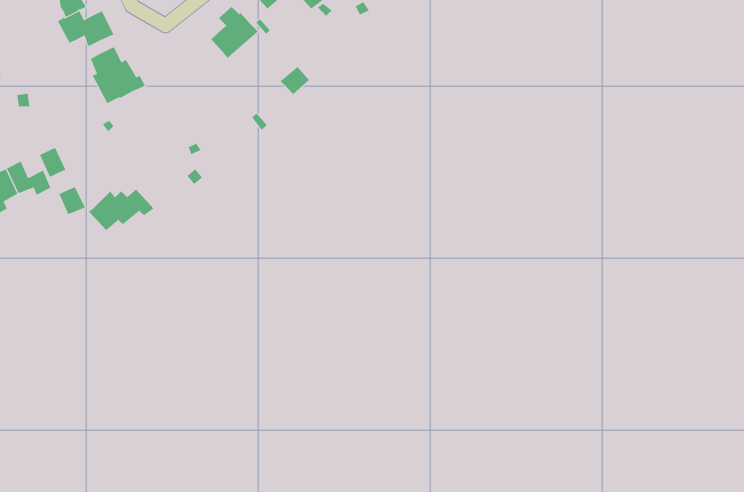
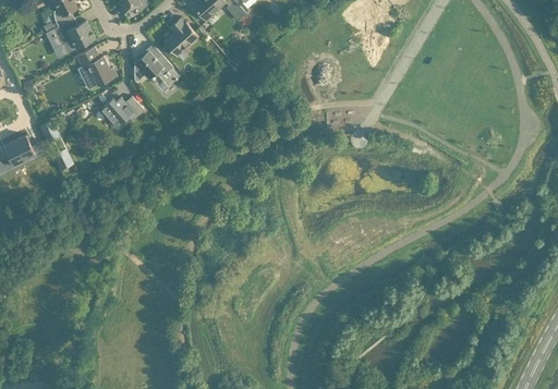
building: none -> [134,44,172,82]
building: [88,189,154,231] -> [96,96,144,126]

